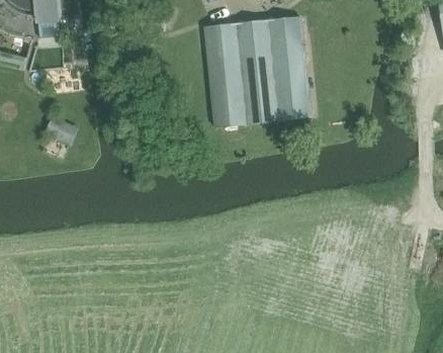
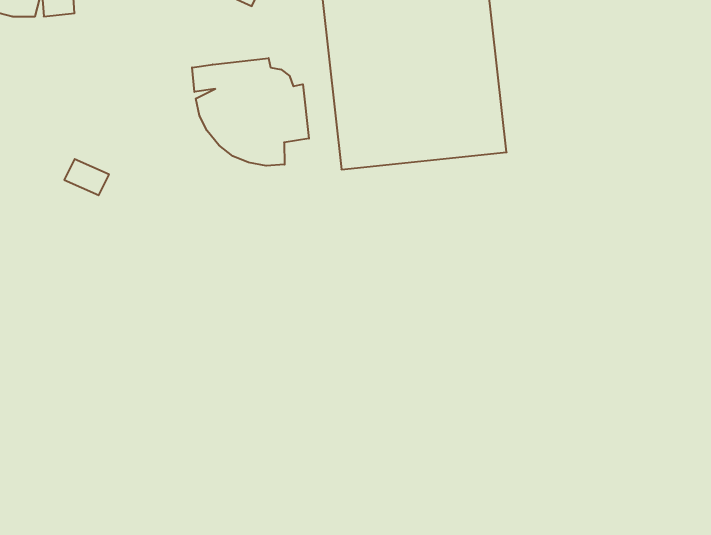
building: none -> [192,58,309,166]

